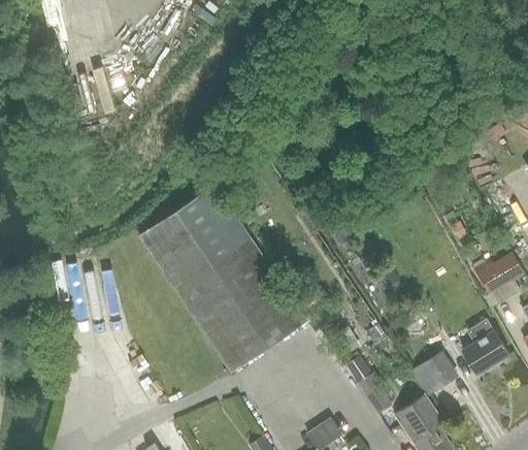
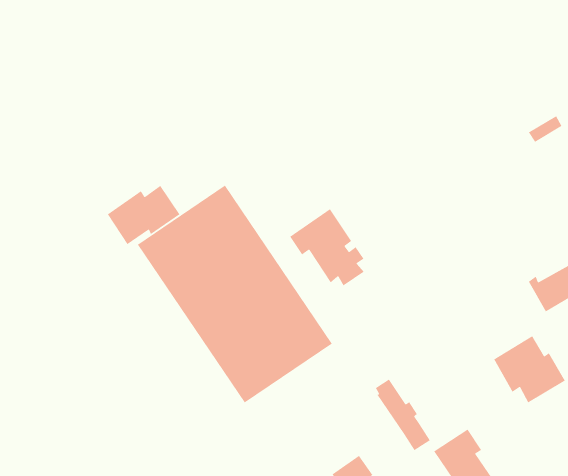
building: none -> [107,185,181,245]
building: none -> [289,208,365,286]
building: [409,351,458,397] -> none

